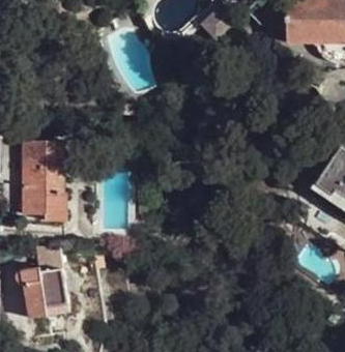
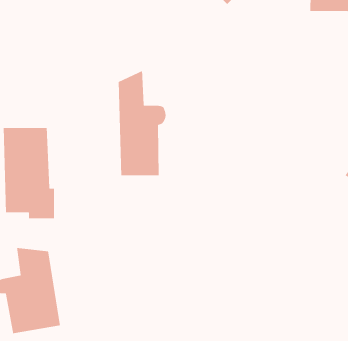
building: none -> [118,70,166,176]

